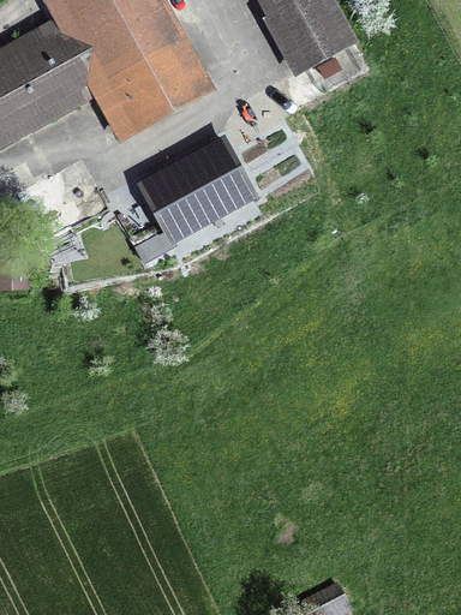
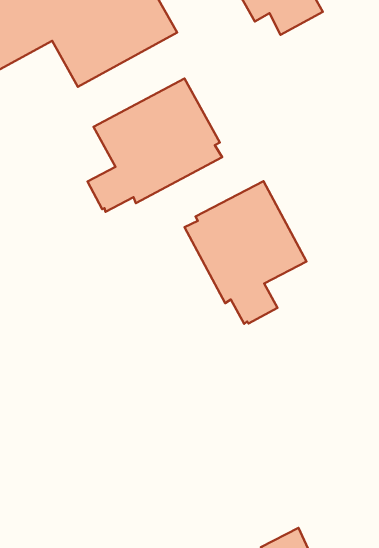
building: none -> [185,181,306,324]

